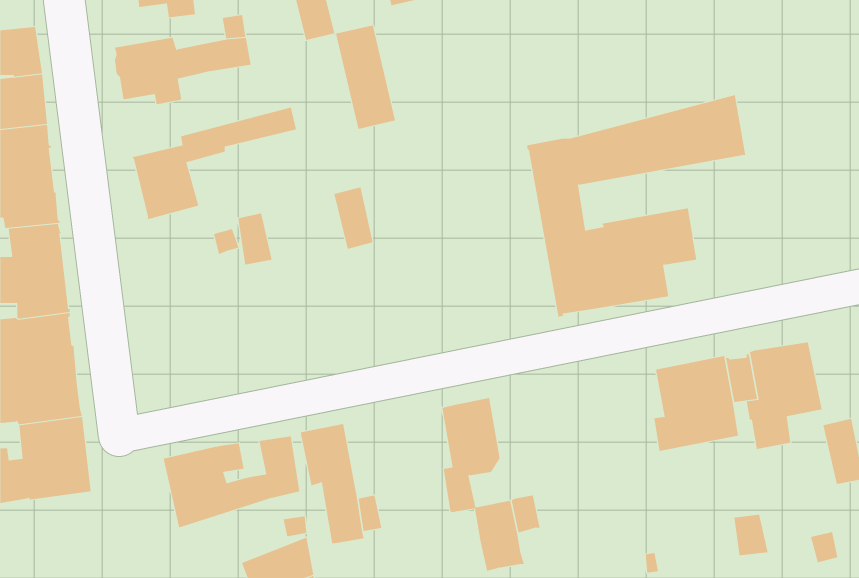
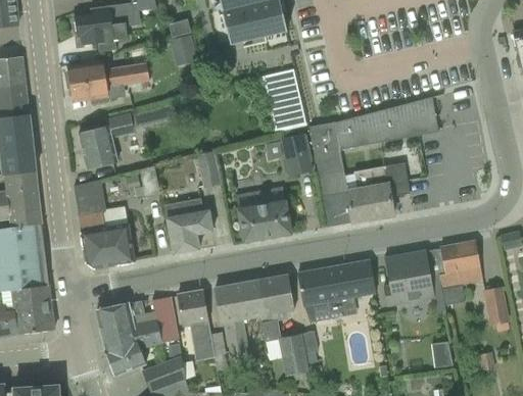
building: [335,25,396,129] -> [264,70,299,132]
building: none -> [281,133,311,176]
building: none -> [74,179,135,268]
building: none -> [236,187,291,241]
building: none -> [164,198,212,253]
building: none -> [297,259,375,320]
building: none -> [215,279,266,353]
building: none -> [105,329,178,375]

